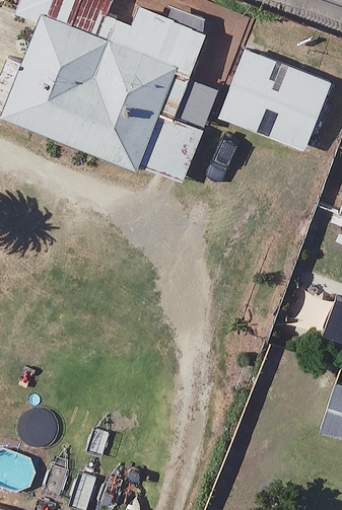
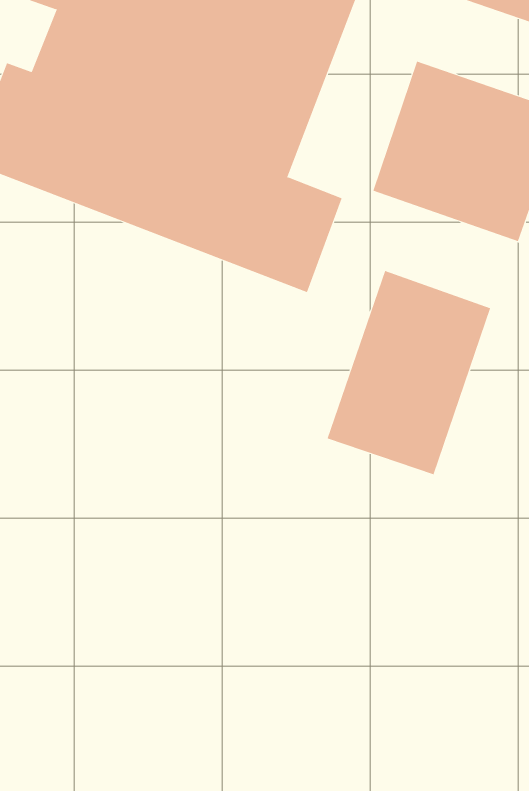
building: none -> [327,270,491,475]

